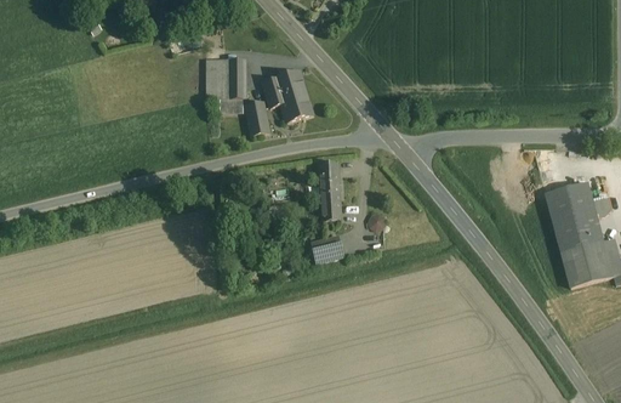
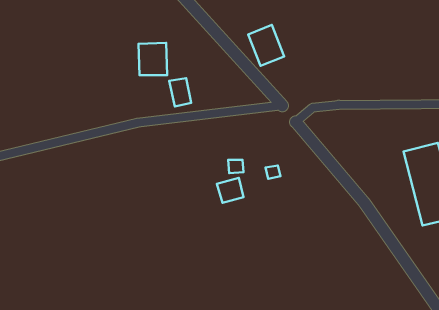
building: [268,67,314,119] -> [248,25,284,66]
building: [319,164,340,205] -> none

